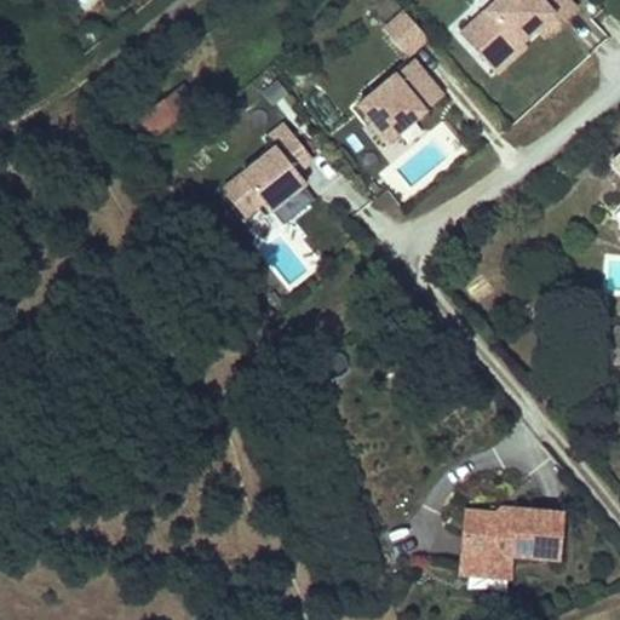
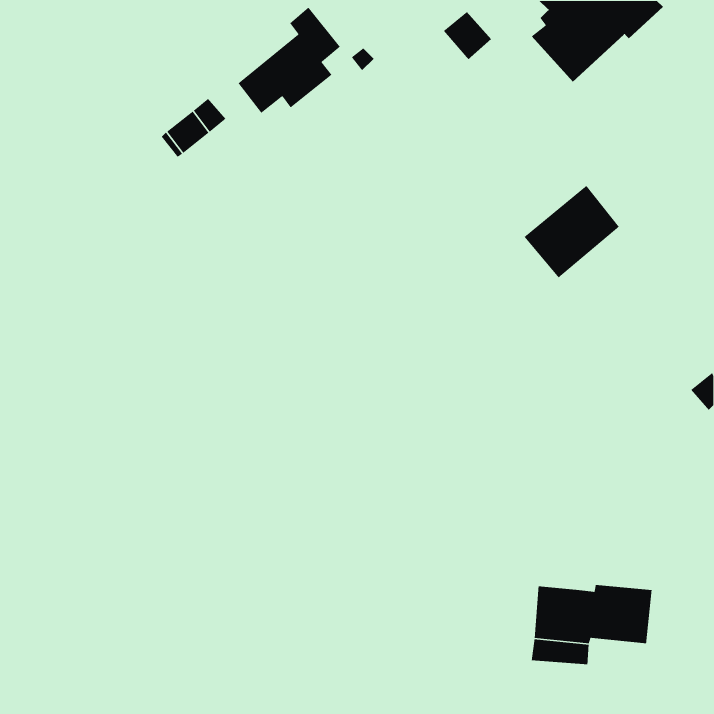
building: [358,58,442,139] -> [524,185,620,279]
building: [223,121,312,214] -> [237,6,341,114]

